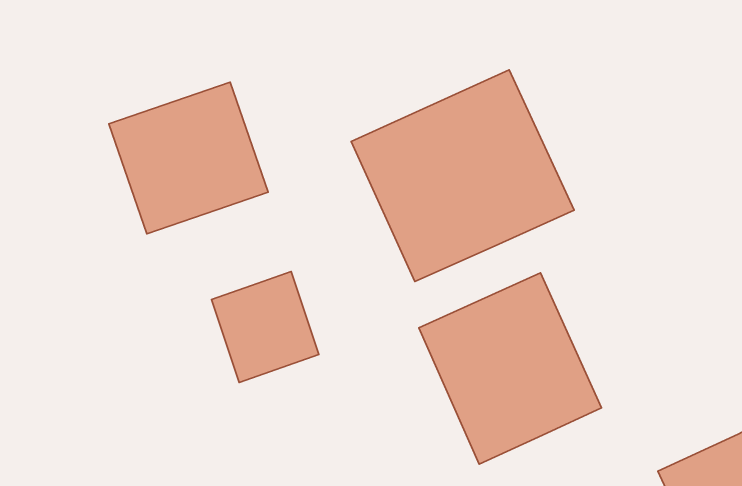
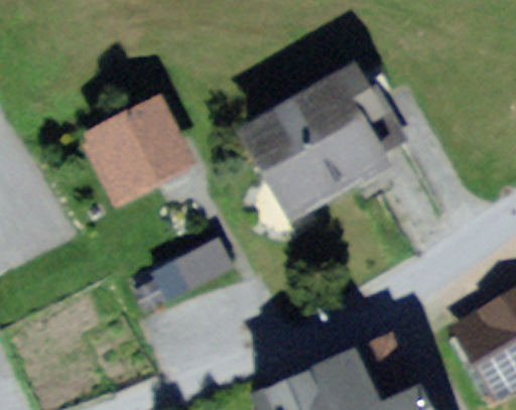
building: [419,273,602,464] -> none

